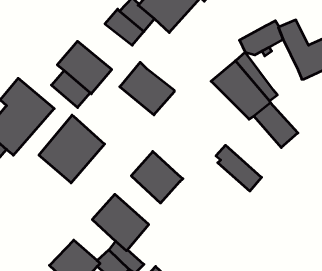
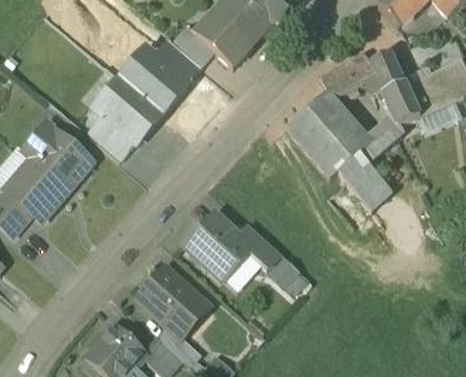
building: [120,62,174,115] -> [119,48,187,113]
building: none -> [356,113,402,164]
building: [39,115,105,183] -> none
building: [216,145,262,191] -> [243,230,300,287]

